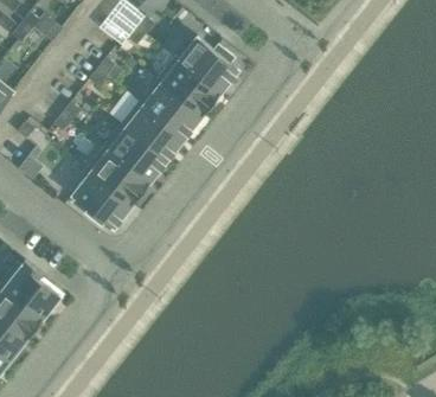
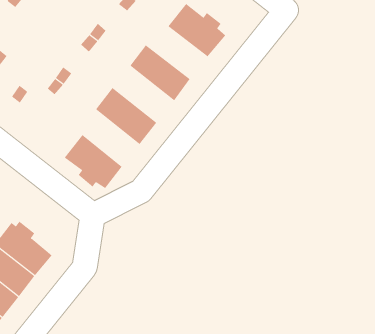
building: [155,56,219,115] -> none
building: [121,101,185,160] -> none
building: [84,146,149,205] -> none

